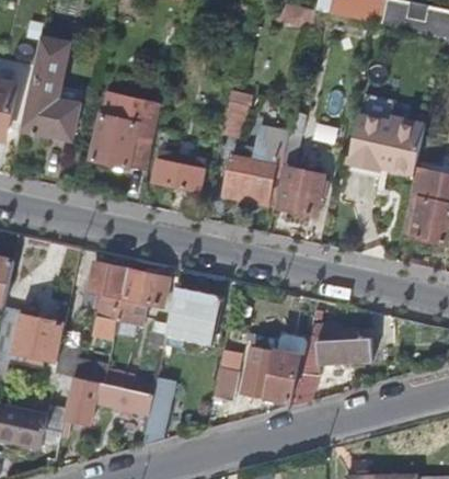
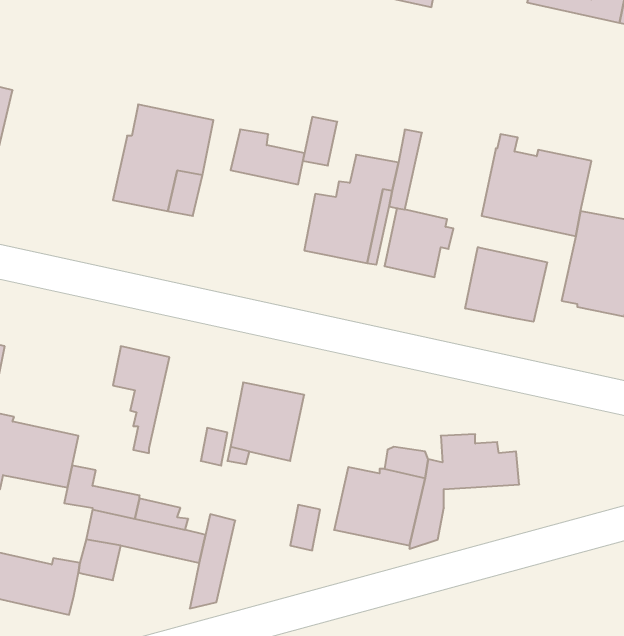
building: [19,36,78,138] -> none
building: [151,152,203,191] -> [231,129,304,184]
building: none -> [465,247,547,322]
building: [114,270,169,337] -> none

